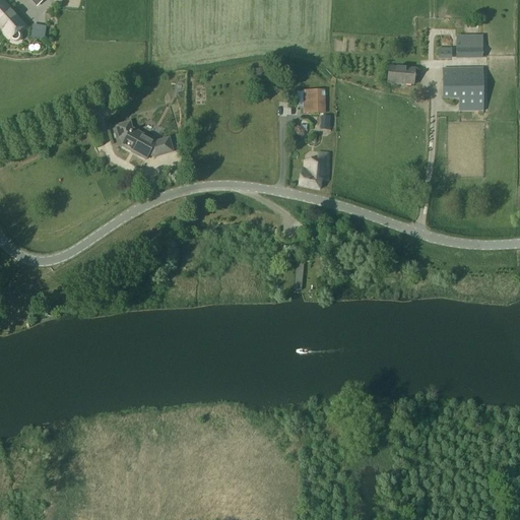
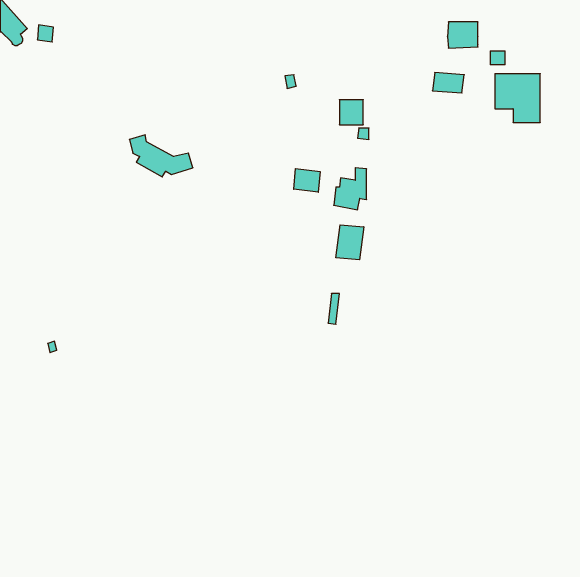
building: [456,35,483,58] -> [447,22,478,48]
building: none -> [294,169,320,192]
building: none -> [336,225,364,260]

